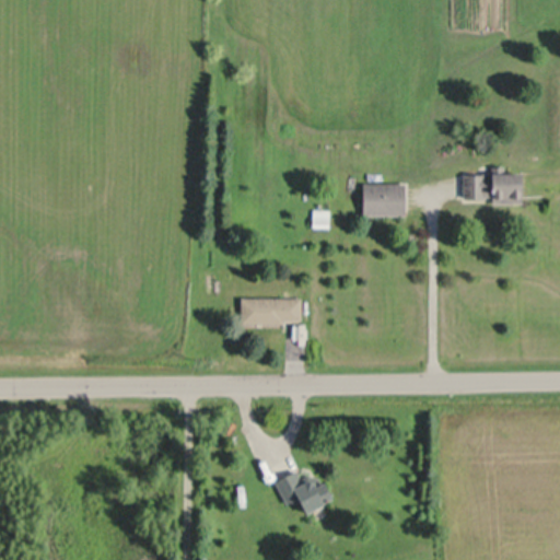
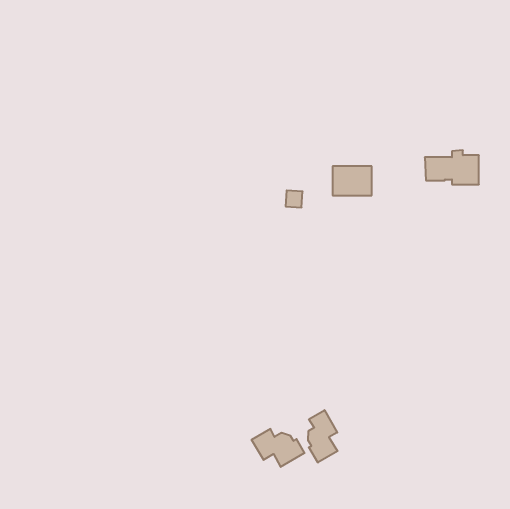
building: [241,299,301,324] -> none
building: none -> [308,410,338,463]

